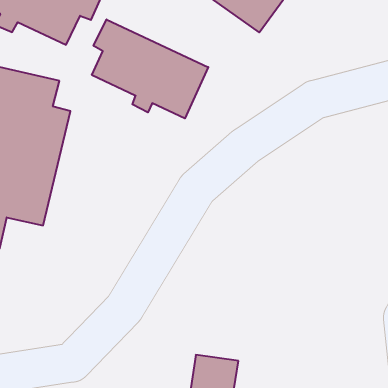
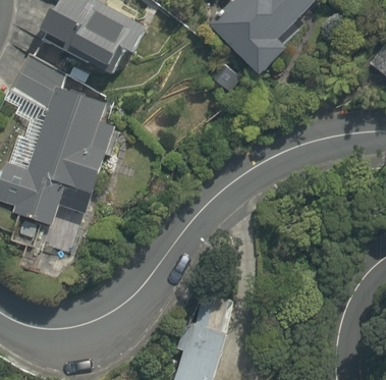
building: [92,19,208,118] -> none

